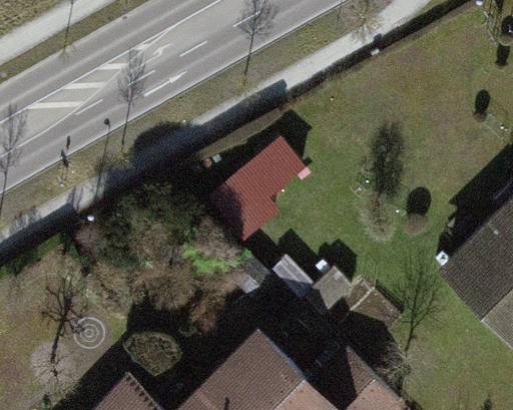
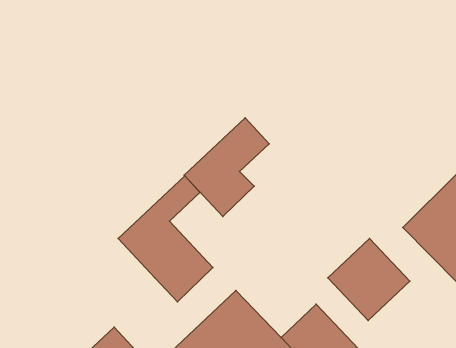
building: none -> [118,176,213,302]
building: none -> [328,239,410,320]

